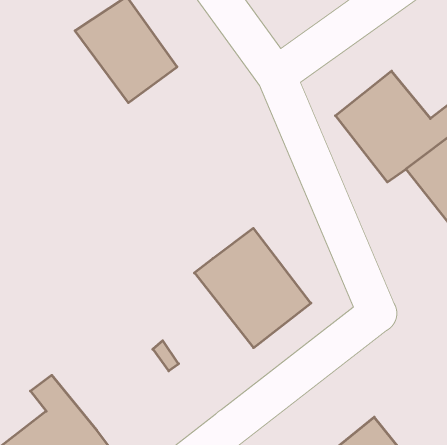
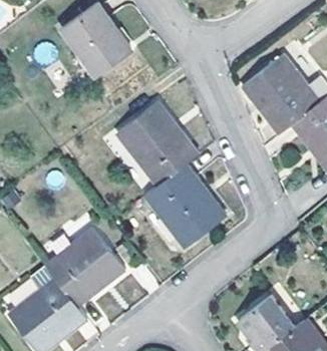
building: none -> [117,100,199,185]
building: none -> [45,229,123,304]

